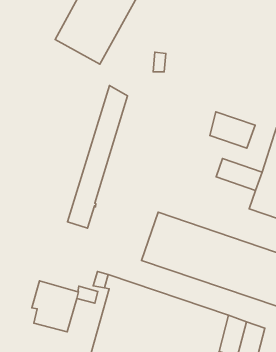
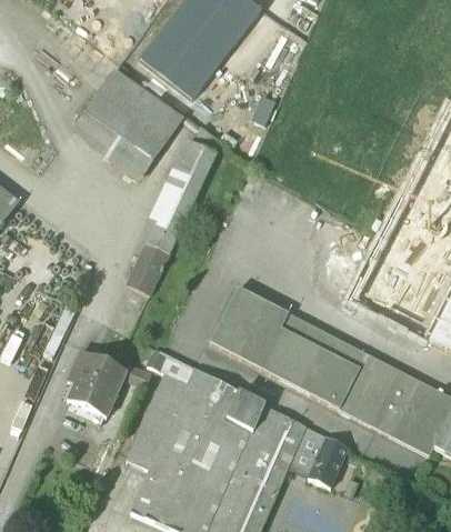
building: none -> [77,69,183,172]
building: [210,112,255,148] -> none

